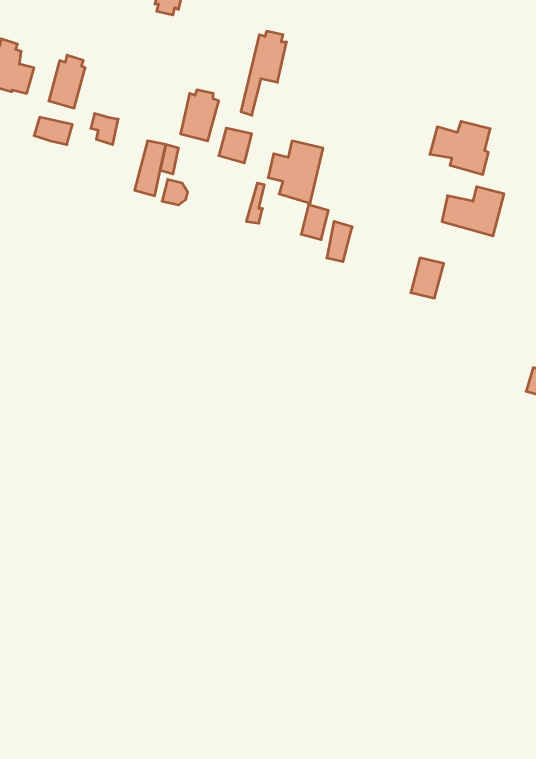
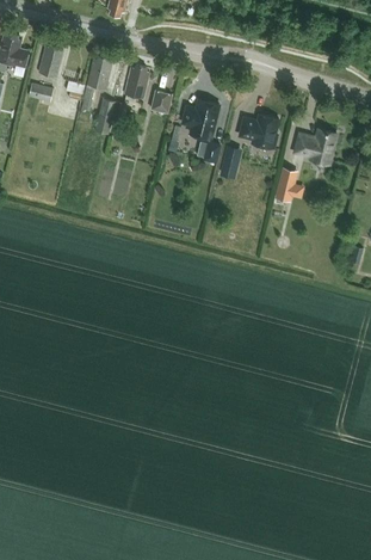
building: [241,31,287,115] -> [82,56,112,111]
building: [430,121,490,174] -> [239,115,278,149]

